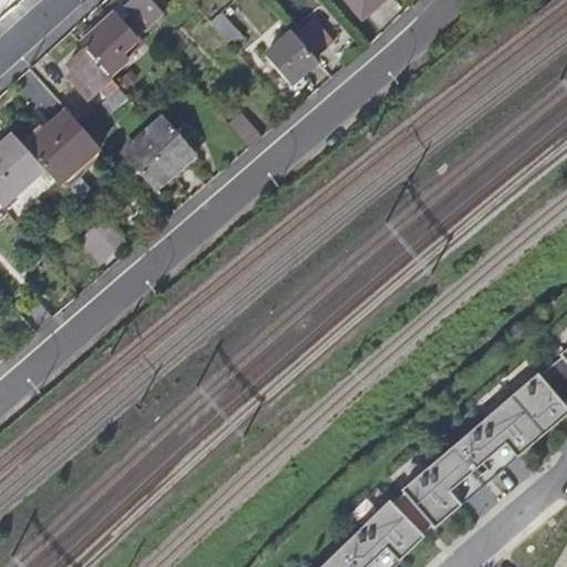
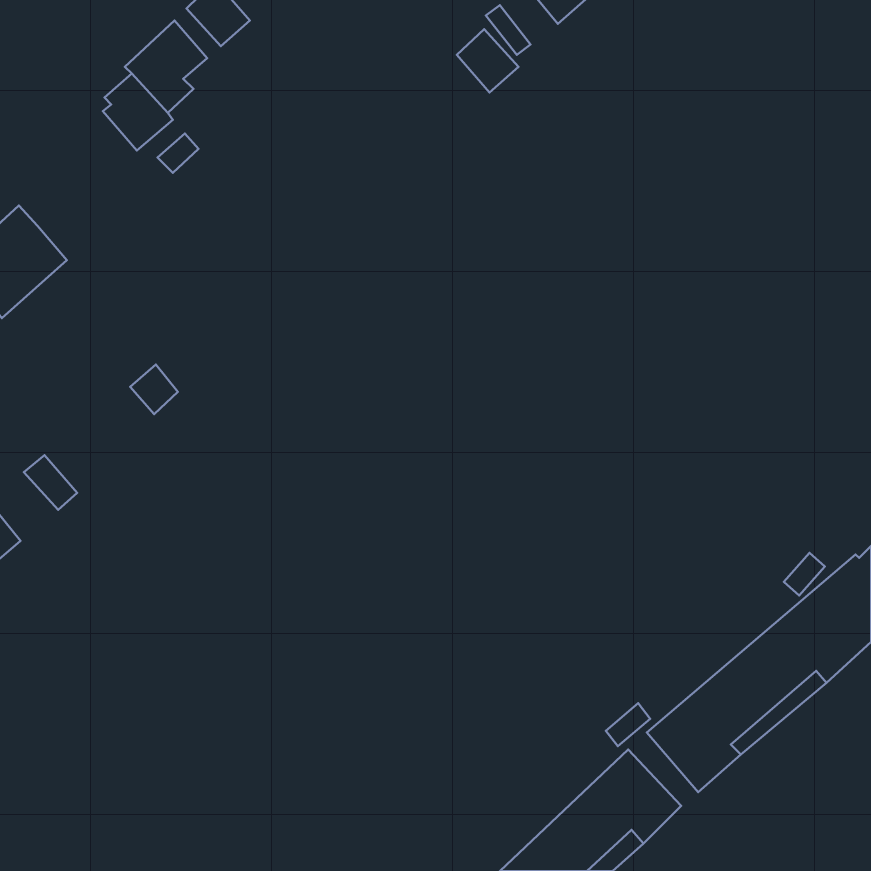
building: [265,30,317,83] -> none
building: [24,109,100,184] -> none
building: [123,117,187,187] -> none

